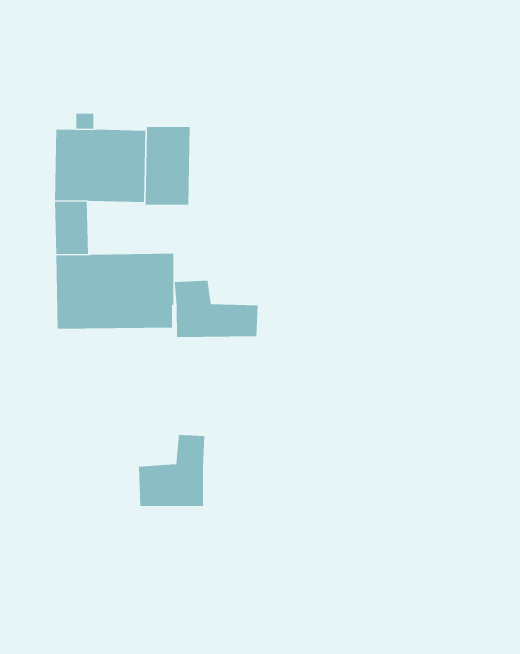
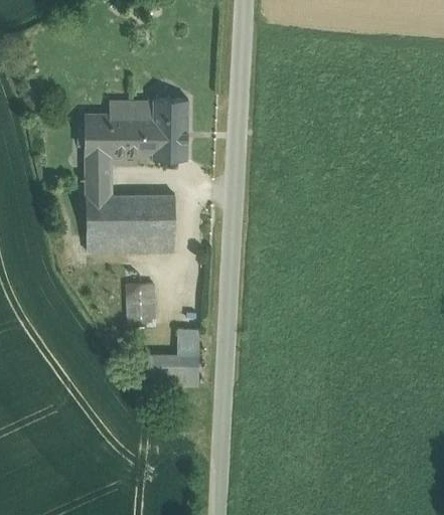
building: [174,280,258,338] -> none
building: none -> [126,283,155,326]

